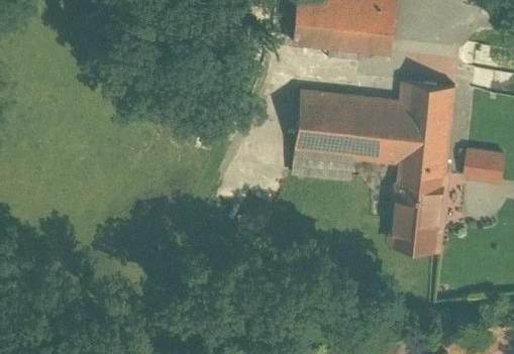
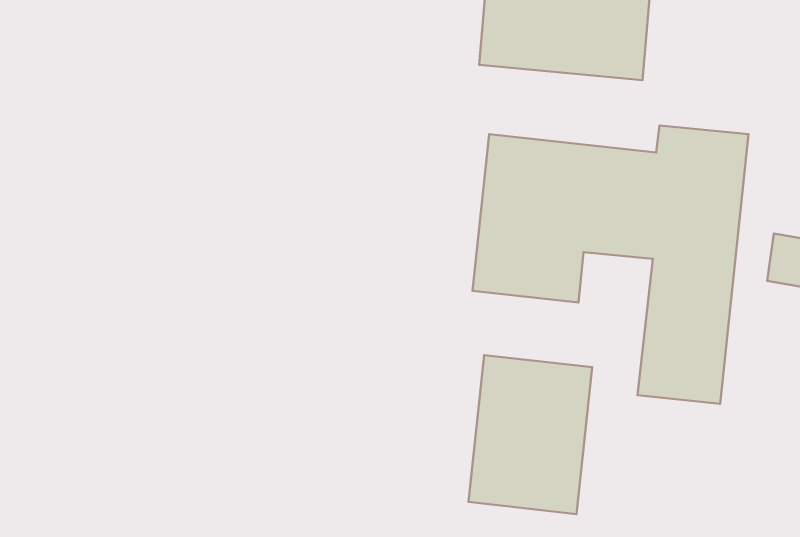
building: none -> [468,355,592,514]

